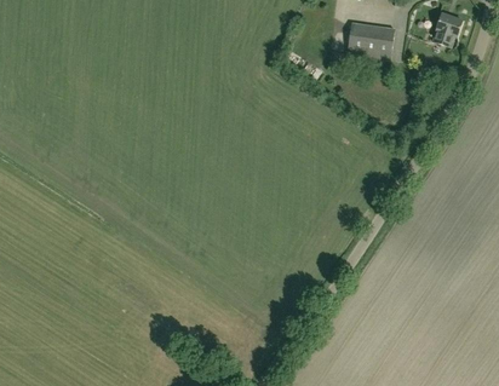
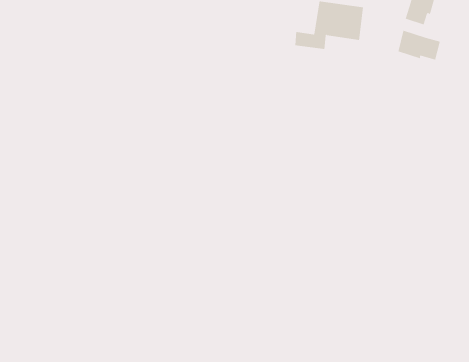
building: none -> [398,30,441,60]

